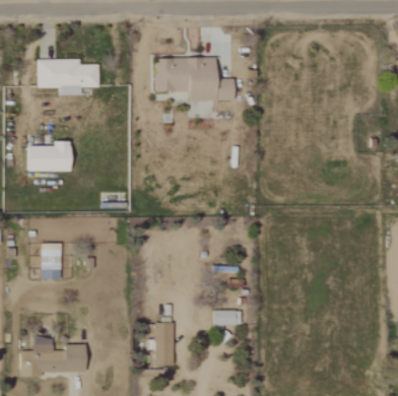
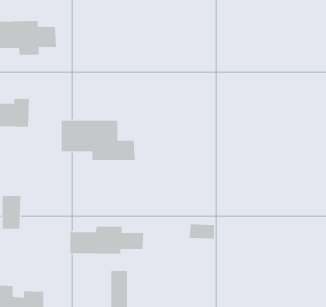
building: [155,57,235,100] -> [61,120,136,160]
building: none -> [70,226,144,254]
building: [214,310,242,326] -> [189,224,215,239]

